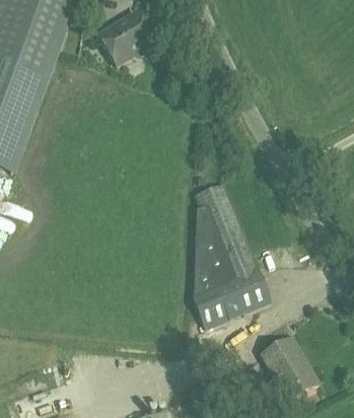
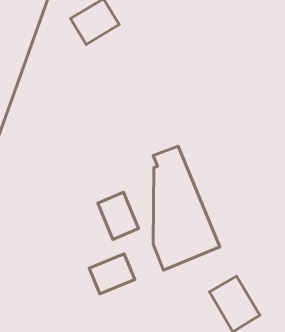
building: none -> [98,192,139,239]
building: none -> [89,254,135,294]

